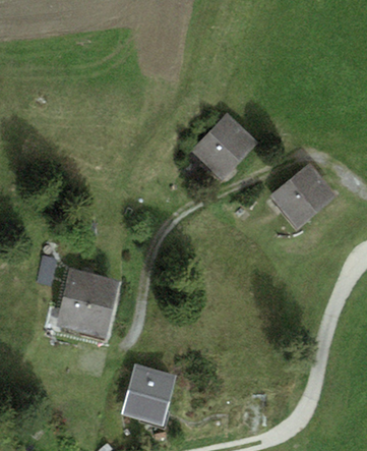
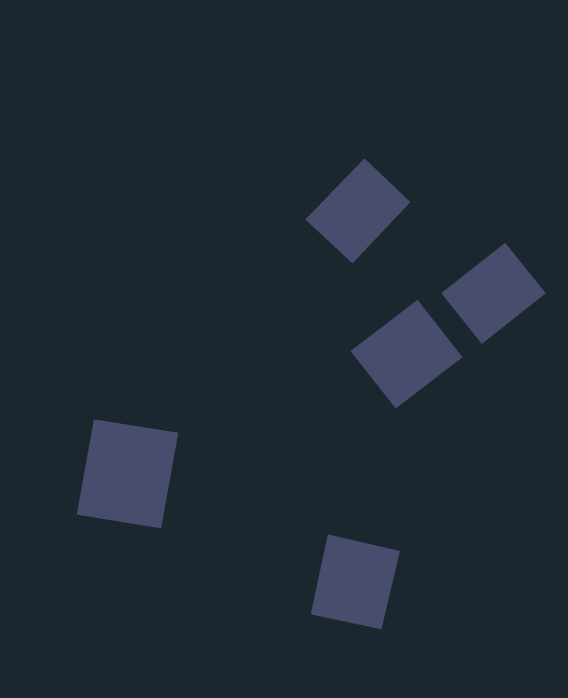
building: none -> [349,299,464,410]
building: [121,368,175,425] -> [310,534,401,630]

